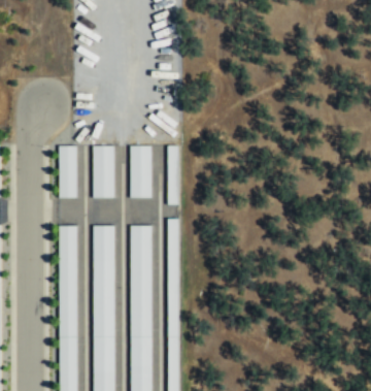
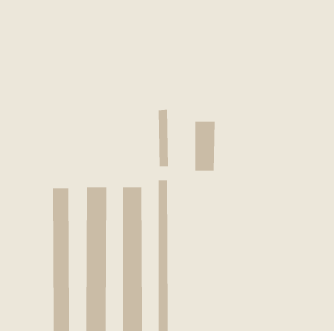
building: [93,146,115,199] -> none
building: [59,148,77,200] -> none
building: [131,148,153,199] -> [195,121,216,171]

